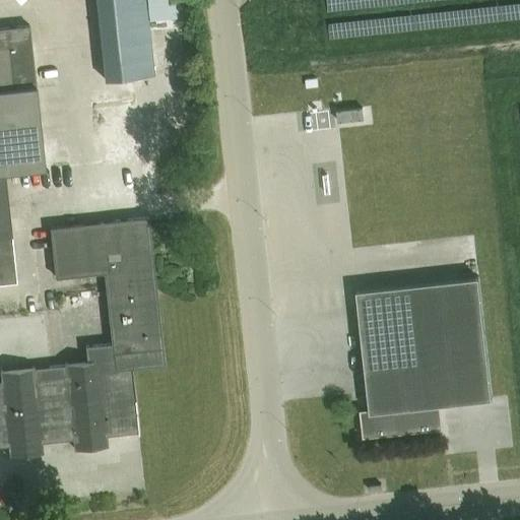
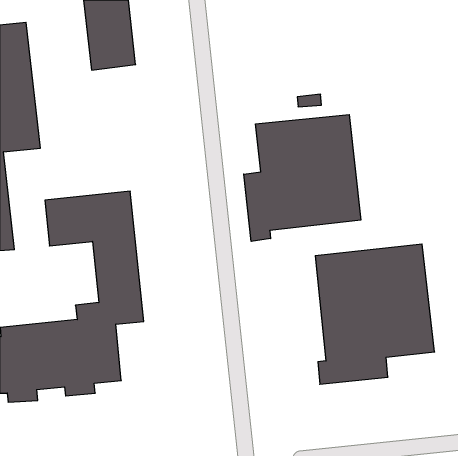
building: none -> [244,115,361,241]

